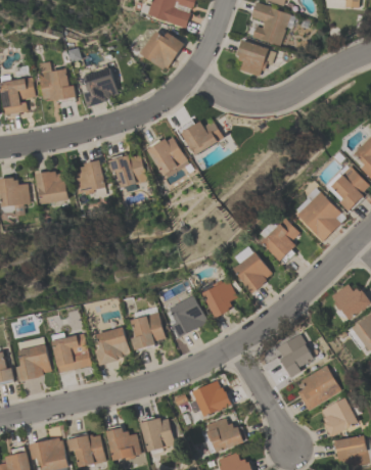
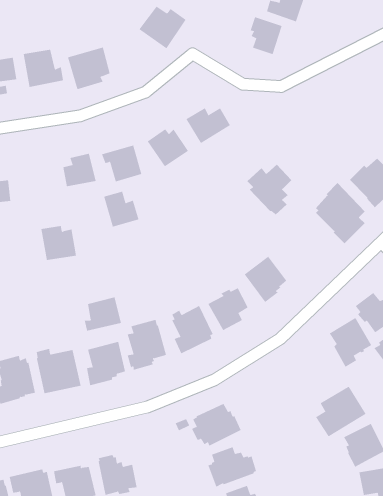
building: [36,172,67,202] -> [40,225,77,260]
building: none -> [104,191,139,227]
building: [259,218,298,263] -> [247,164,292,215]
building: none -> [84,296,122,331]
building: [276,333,314,377] -> [329,317,372,367]
building: [139,416,174,452] -> none

